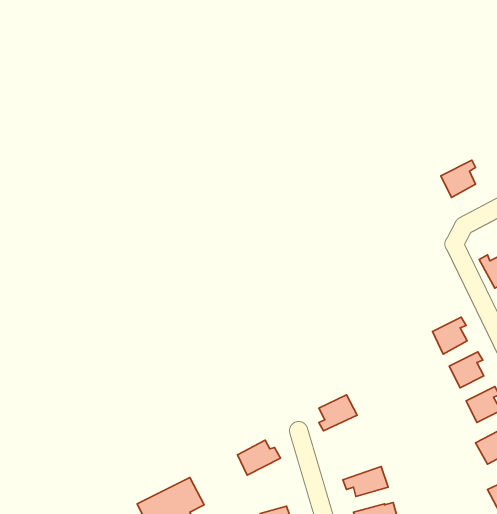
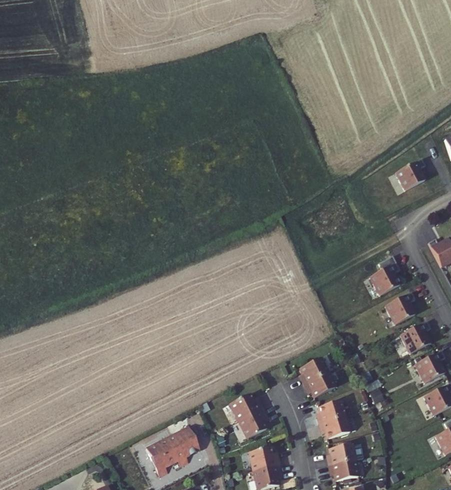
building: none -> [374,255,404,294]
building: none -> [300,373,337,401]
building: none -> [314,398,348,427]
building: none -> [236,409,269,440]

